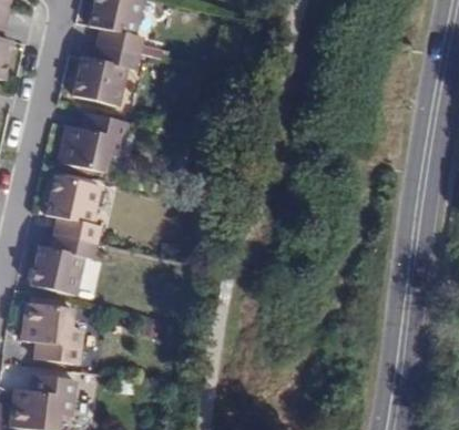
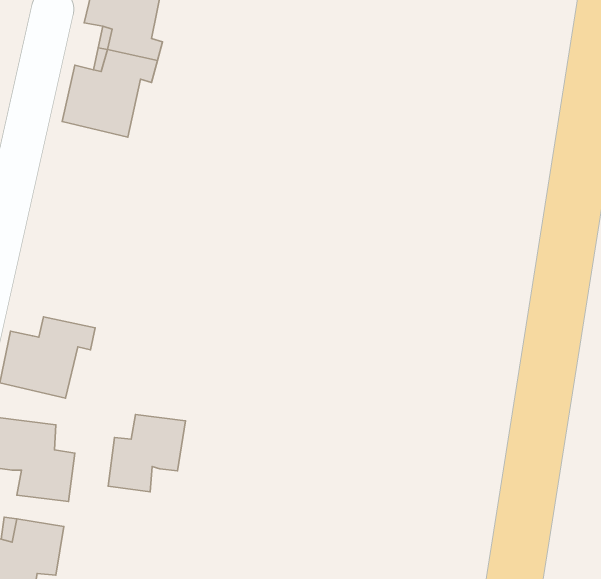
building: [57,113,126,170] -> none
building: [43,176,100,242] -> none
building: none -> [108,414,185,492]

